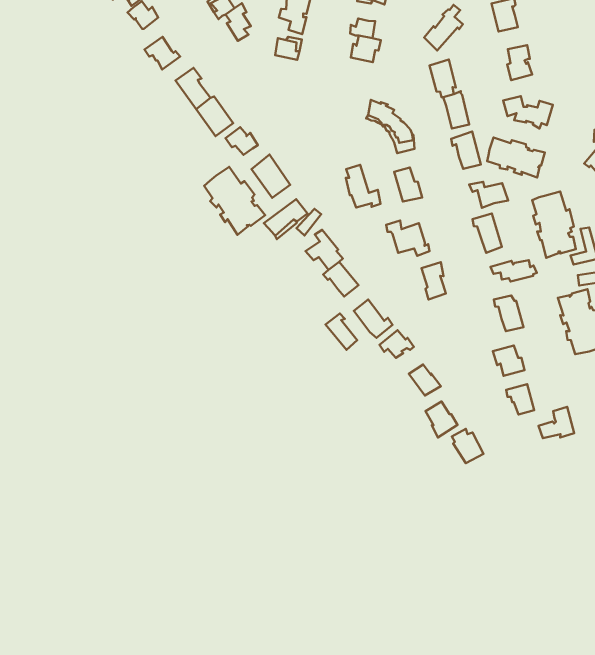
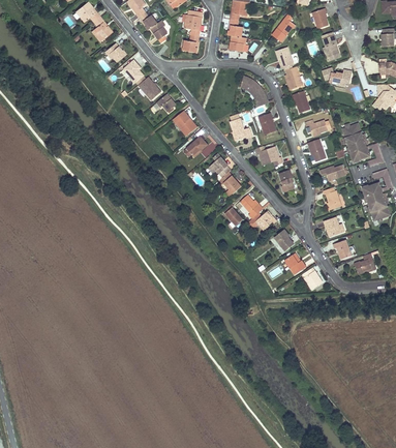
building: [487,138,545,177] -> none
building: [204,167,265,235] -> none

